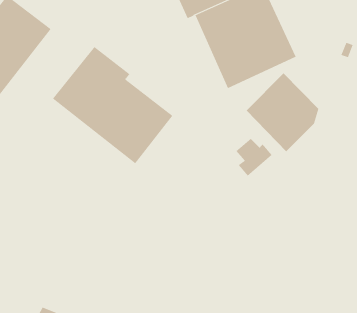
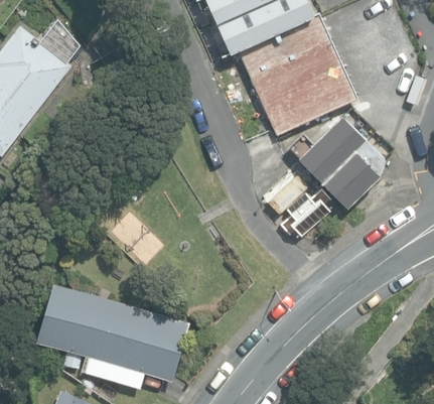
building: [52,46,173,164] -> none
building: none -> [35,282,188,388]

